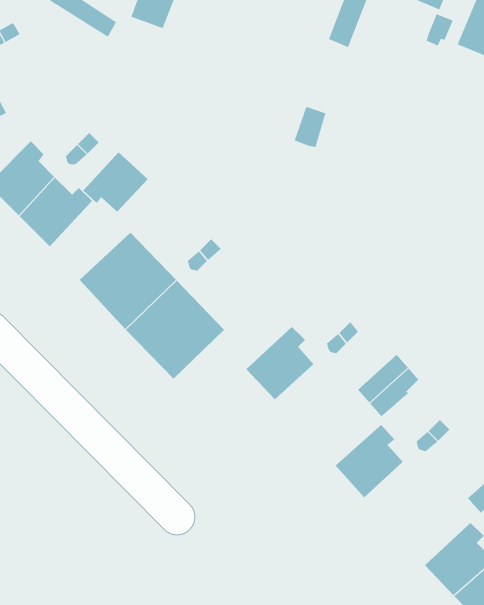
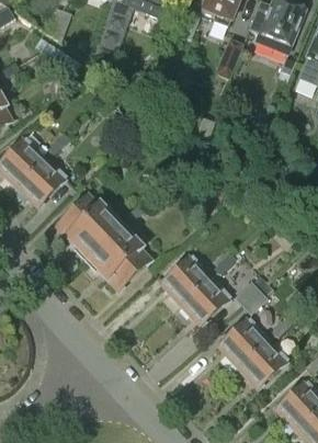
building: [83,151,149,213] -> none
building: none -> [182,279,230,322]
building: none -> [239,341,287,385]

